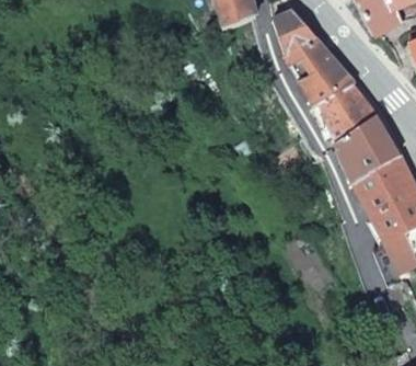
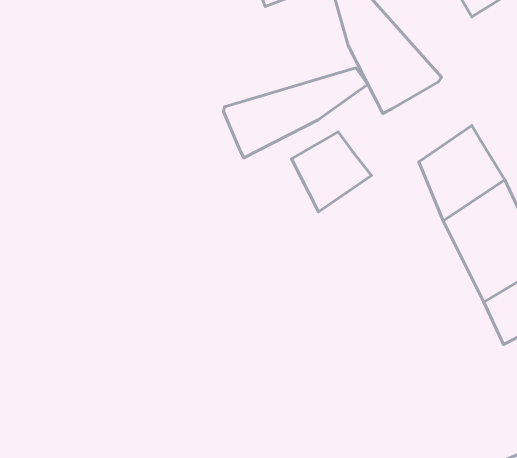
building: none -> [223,68,368,158]
building: [317,83,375,141] -> [291,132,371,212]

